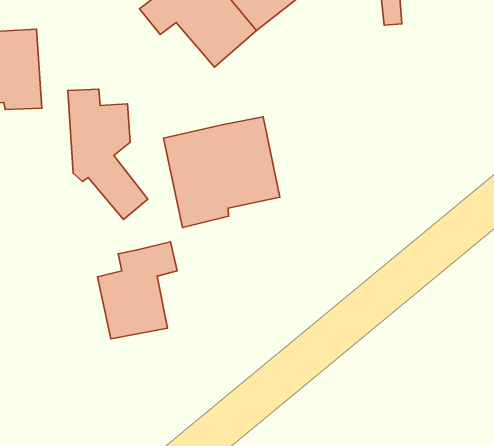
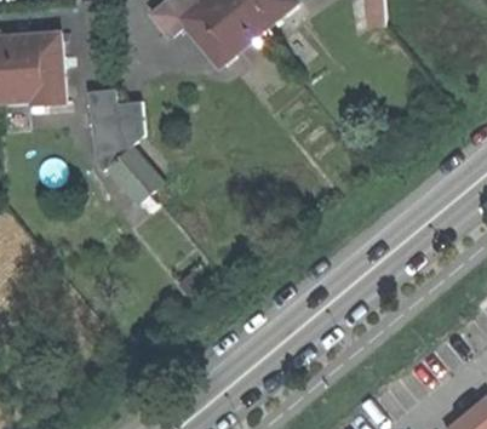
building: [163,117,280,227] -> none
building: [98,242,177,339] -> none

